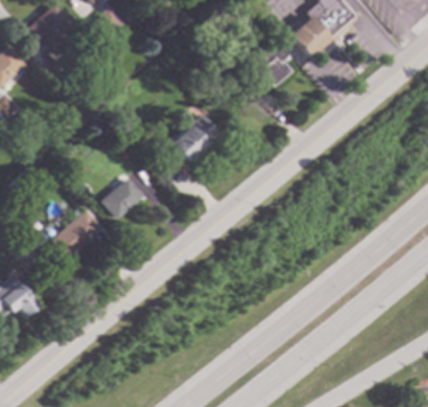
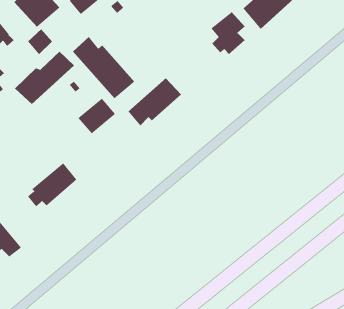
building: none -> [72,36,135,99]
building: none -> [14,51,75,105]
building: [100,178,143,219] -> [78,98,116,134]

